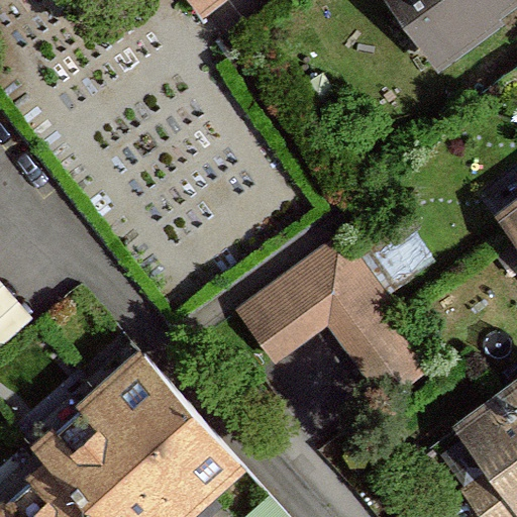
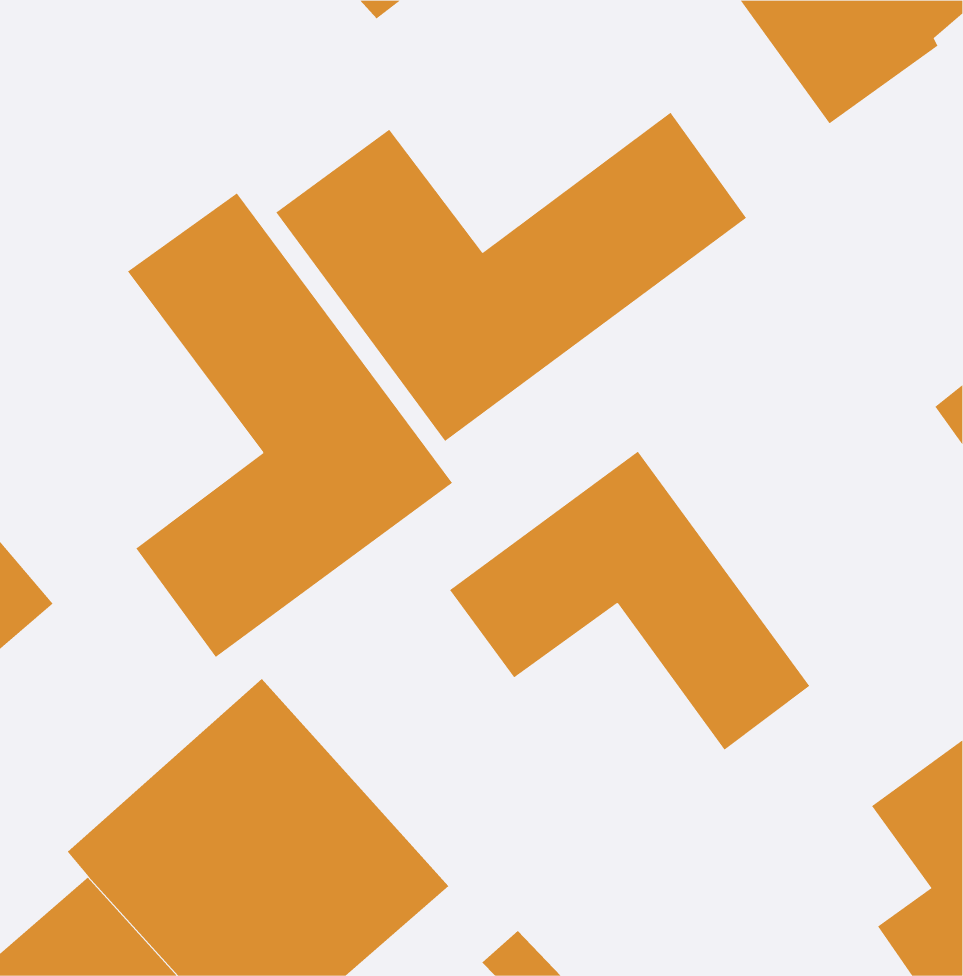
building: none -> [276,112,747,442]
building: none -> [127,192,453,658]

